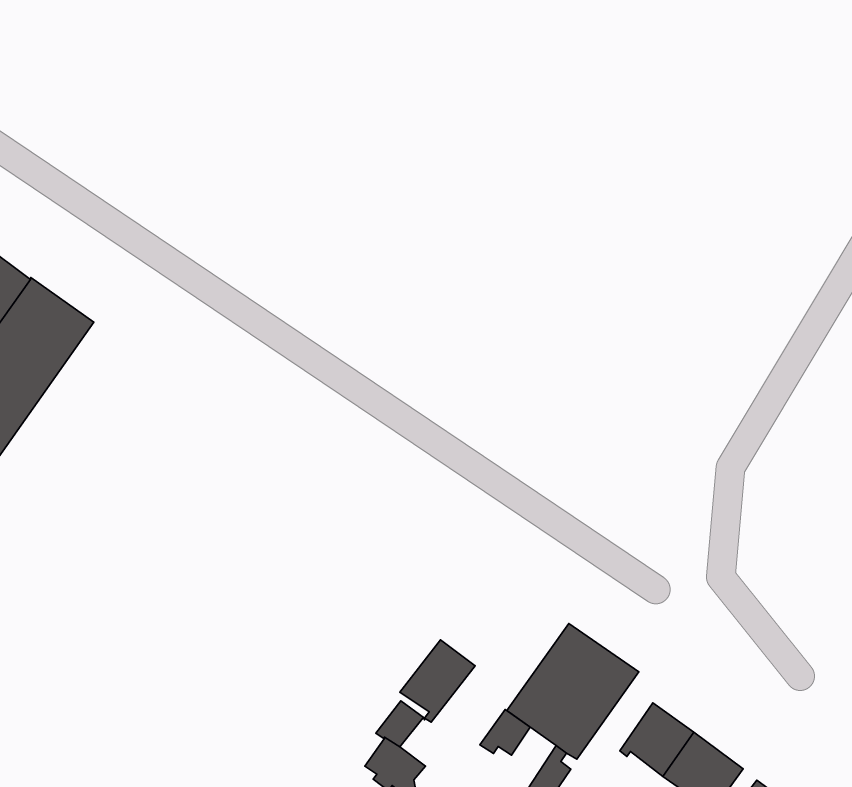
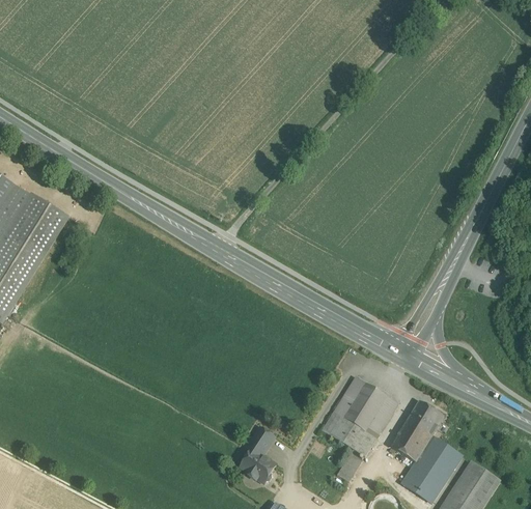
building: [400,640,475,722] -> none
building: none -> [407,400,444,435]
building: [480,709,530,755] -> none

